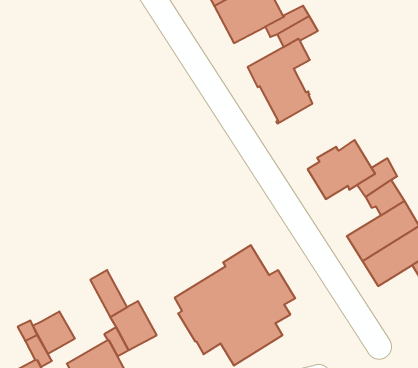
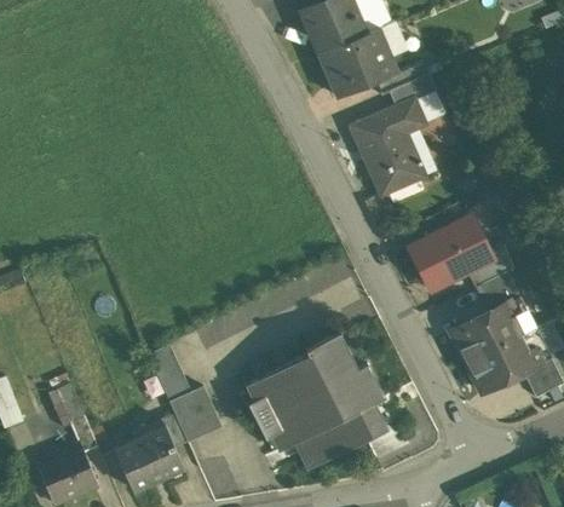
building: [33,311,75,354] -> none

